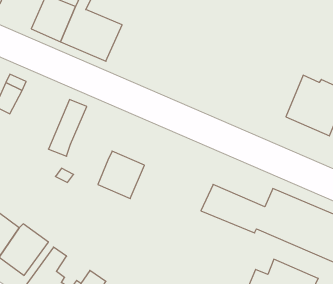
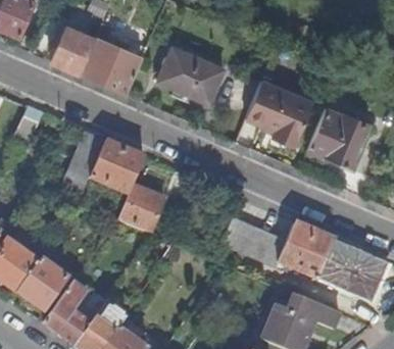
building: none -> [158,46,225,104]
building: none -> [245,81,312,143]
building: none -> [91,140,145,194]

